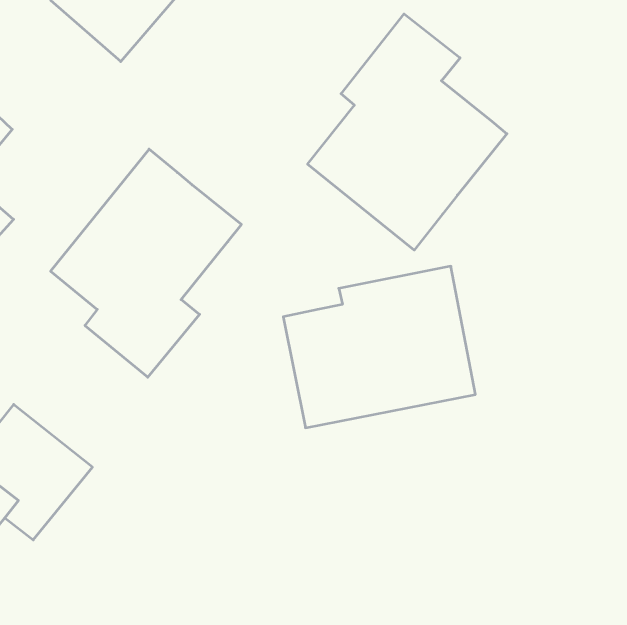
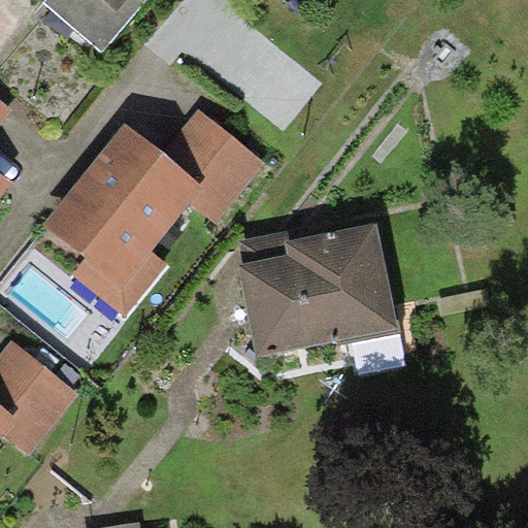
building: [308,14,507,250] -> none
building: none -> [161,109,262,221]

